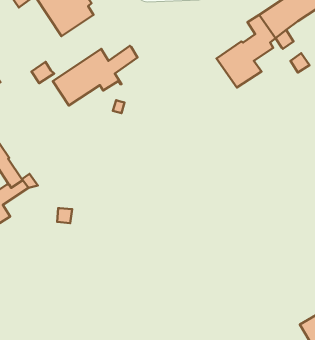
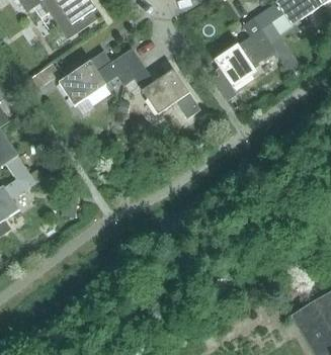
building: none -> [117,60,200,119]

